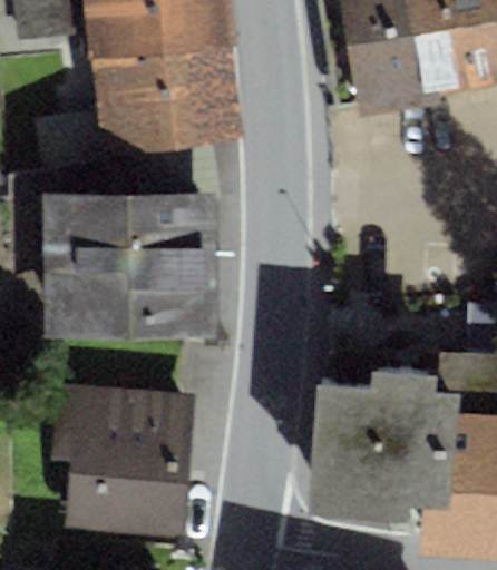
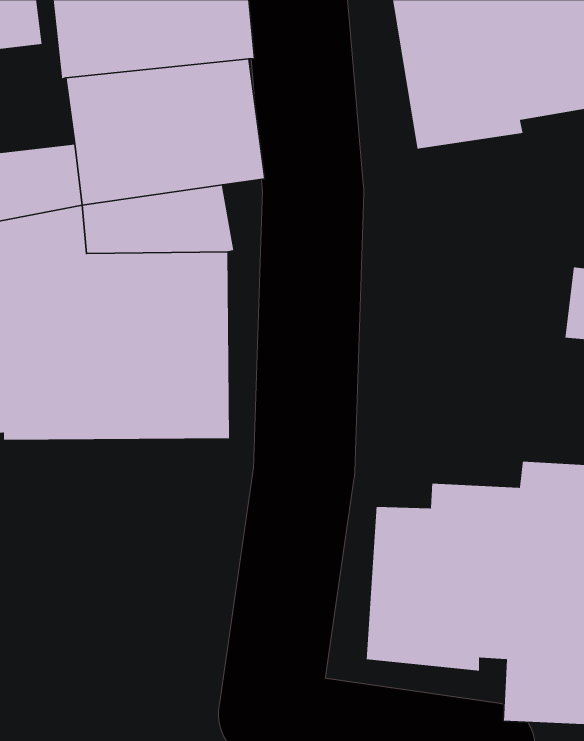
building: [48,385,191,535] -> none

